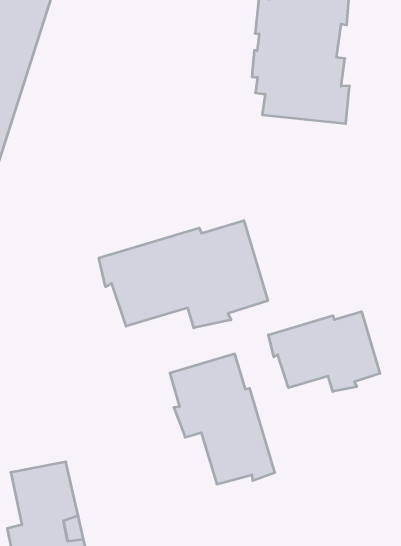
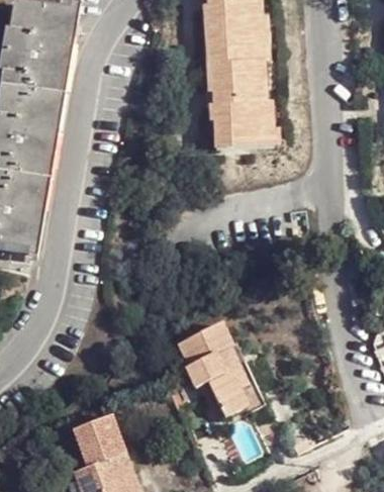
building: [99,220,268,328] -> none
building: [268,312,380,392] -> none

